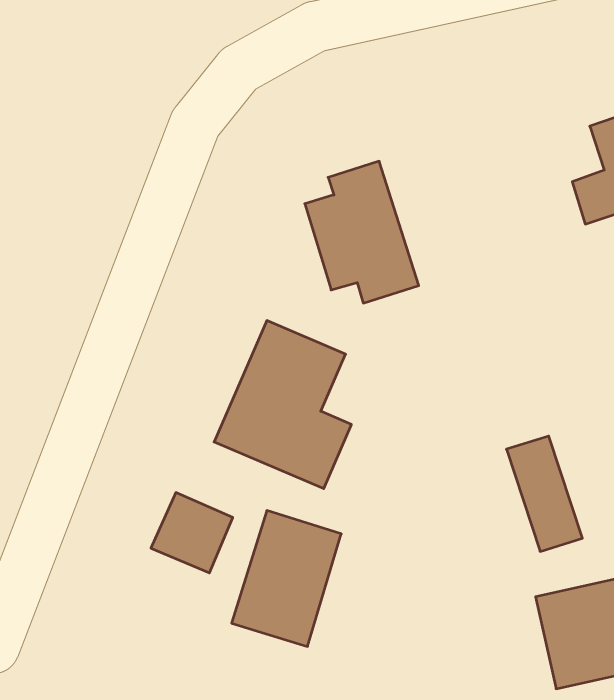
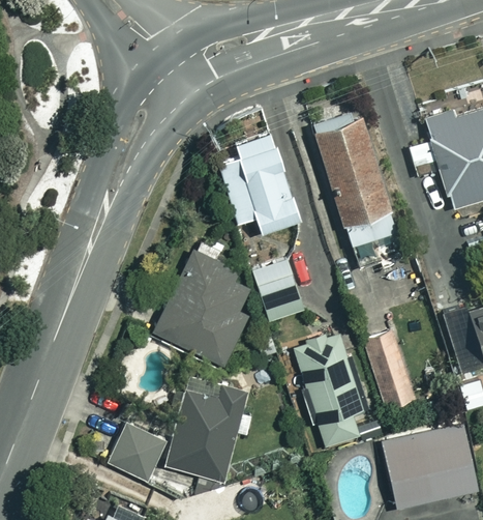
building: none -> [311,111,397,268]
building: none -> [252,258,307,321]
building: none -> [295,336,364,447]
building: [151,493,233,573] -> [108,424,165,481]

